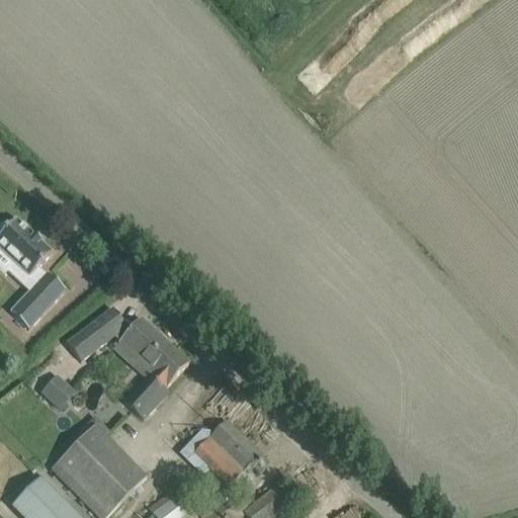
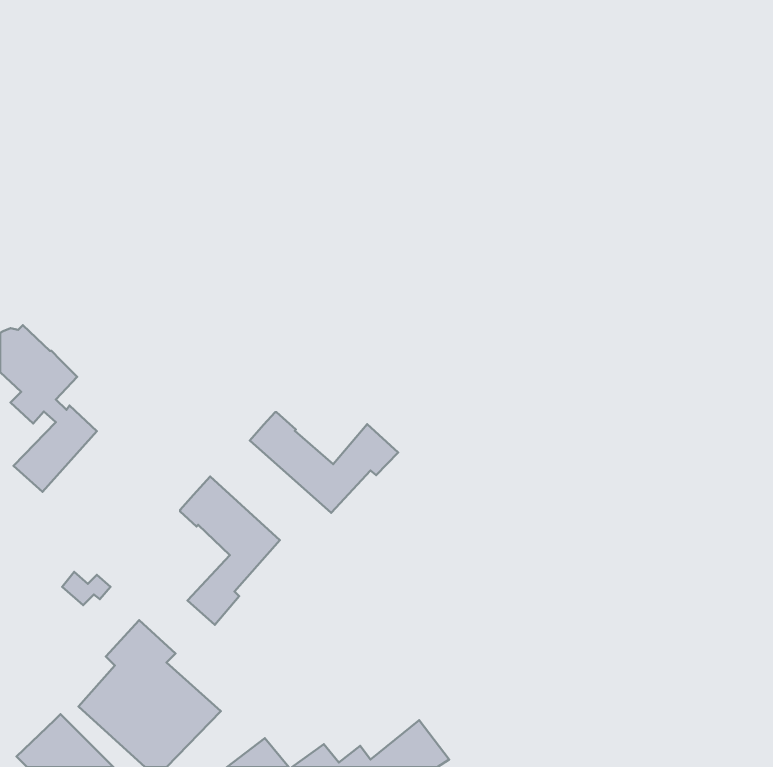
building: none -> [250,412,398,513]
building: [66,309,130,360] -> none
building: [194,420,269,486] -> none

